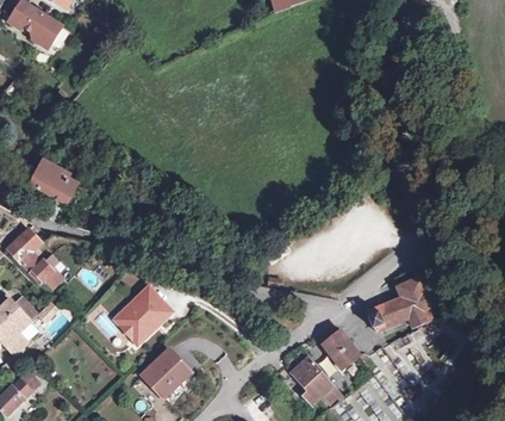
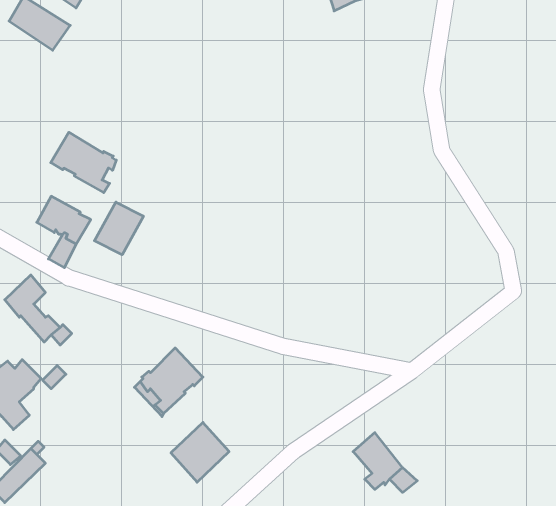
building: none -> [51,132,116,193]
building: none -> [94,202,143,255]
building: [369,277,439,330] -> none
building: [320,327,357,366] -> none

